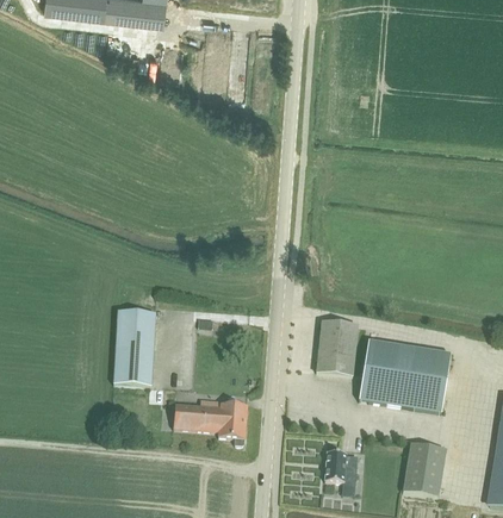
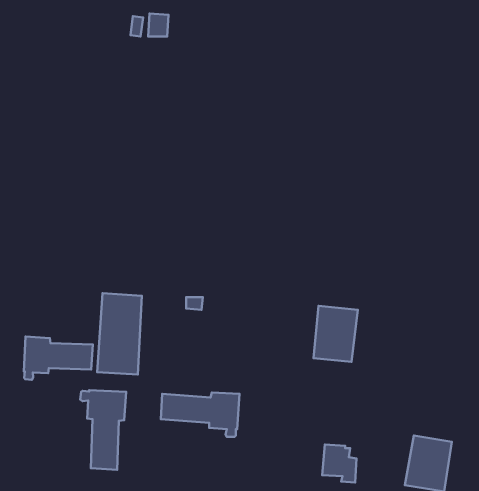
building: [359,339,451,412] -> none
building: none -> [24,336,93,380]
building: none -> [80,390,126,470]

